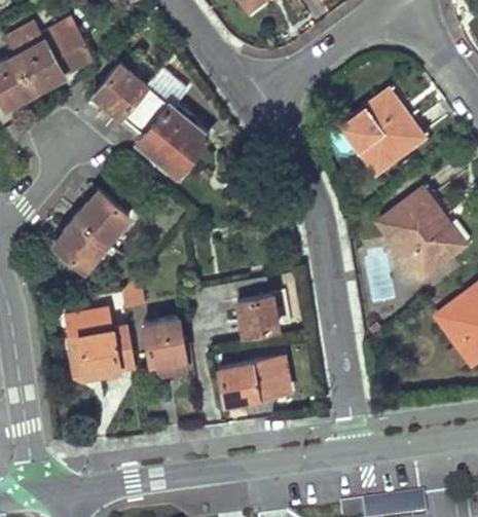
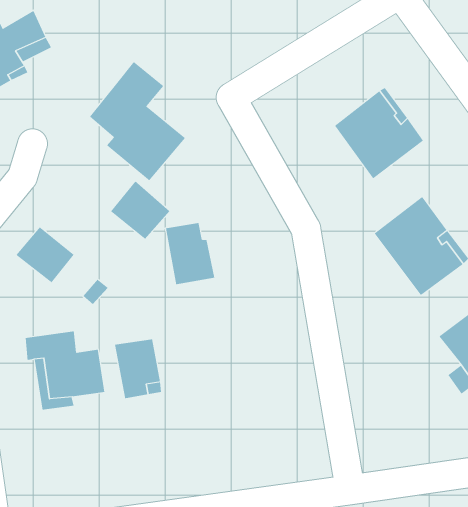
building: [94,65,145,117] -> none
building: [75,189,130,243] -> [110,181,170,240]
building: [233,278,279,334] -> [165,222,215,285]
building: [218,357,290,402] -> none

